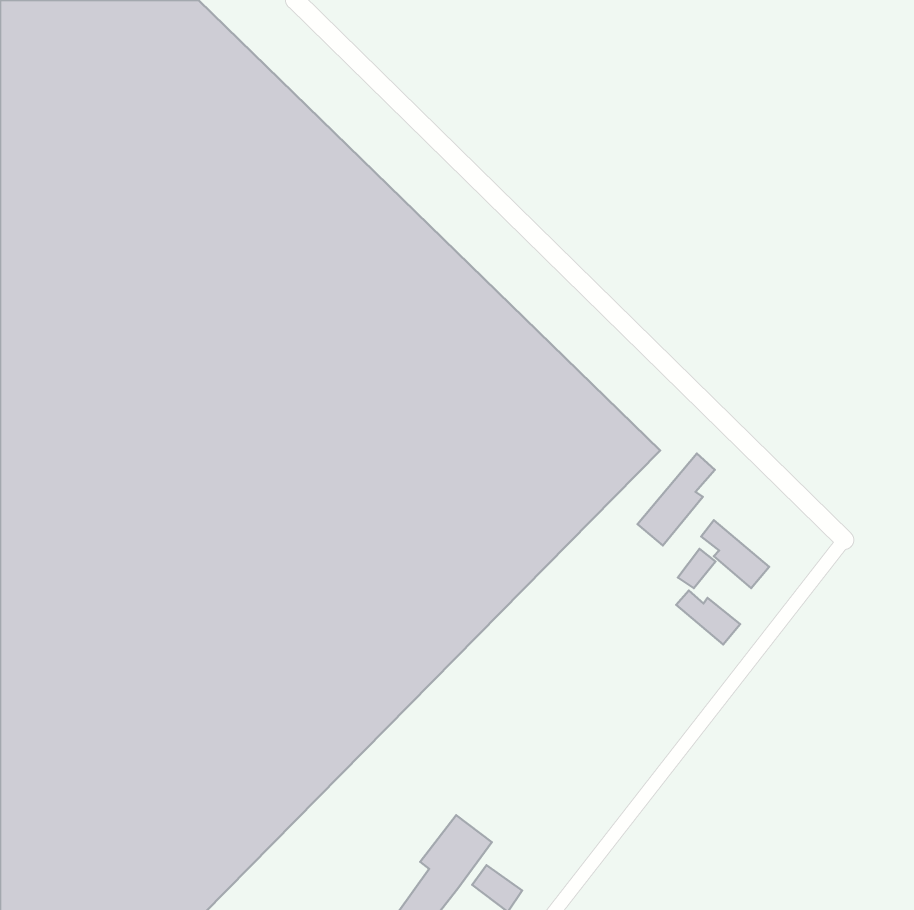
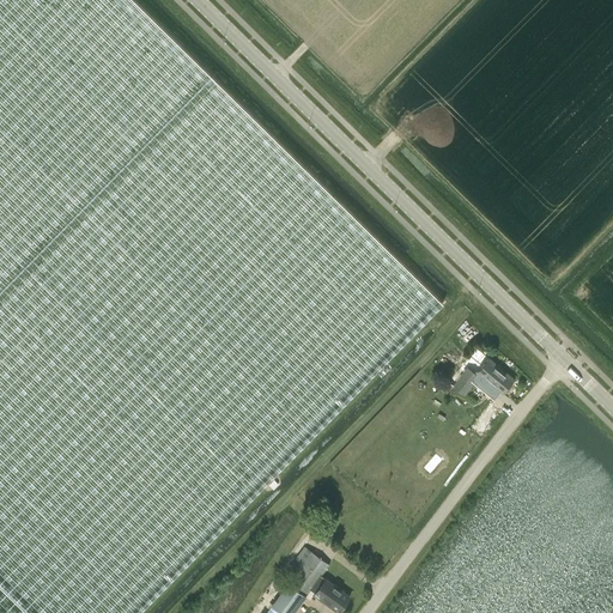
building: [638,454,715,546] -> none
building: [676,591,740,644] -> none

